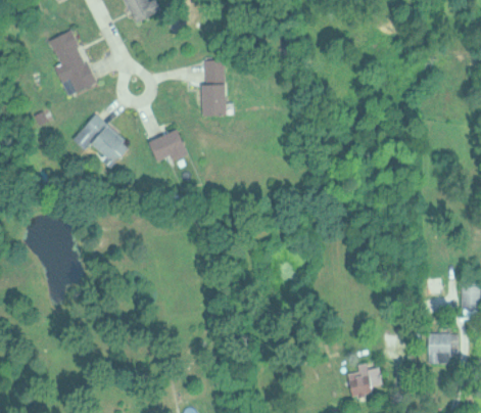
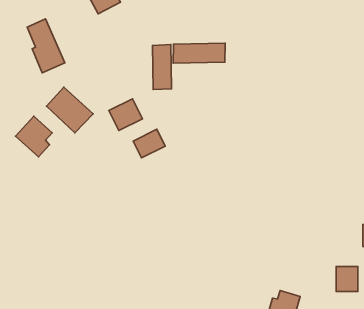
building: none -> [173,43,225,63]
building: none -> [15,116,52,157]
building: none -> [133,129,165,158]

